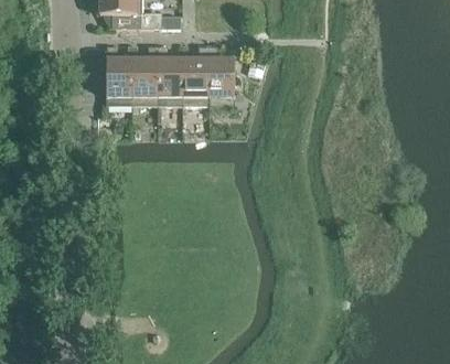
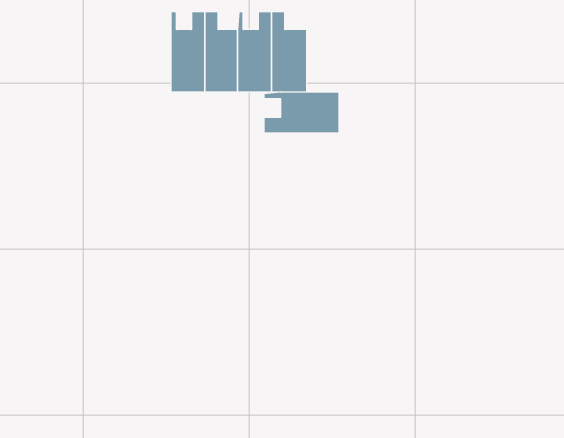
building: [105,44,131,104] -> none
building: none -> [264,92,339,133]

